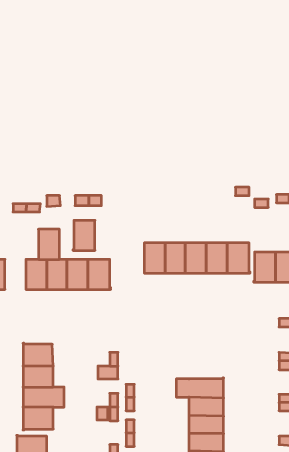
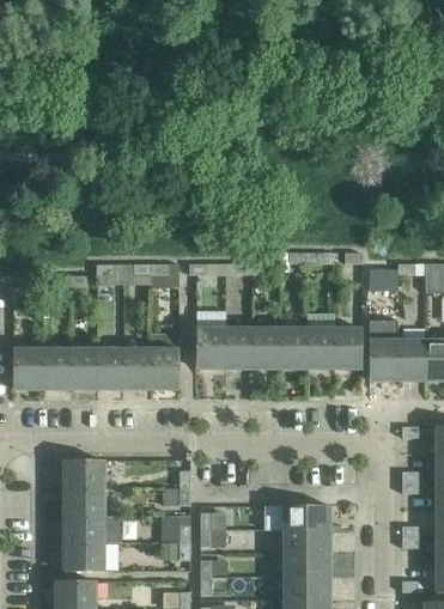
building: [73,220,95,250] -> [195,327,224,366]
building: [38,229,59,259] -> [41,348,68,388]

